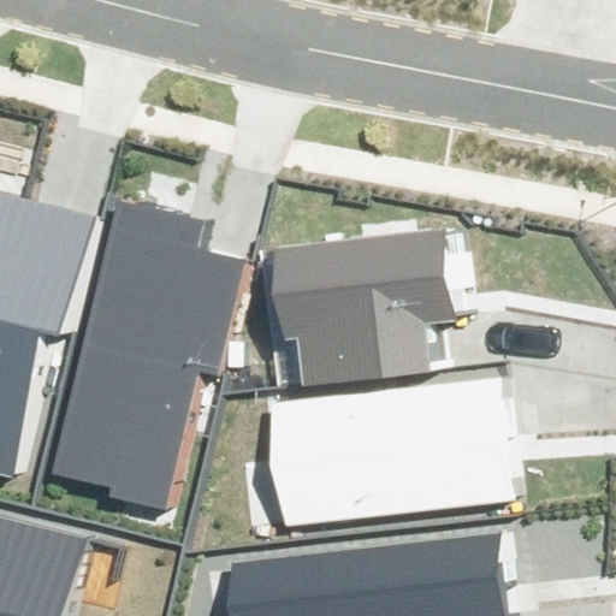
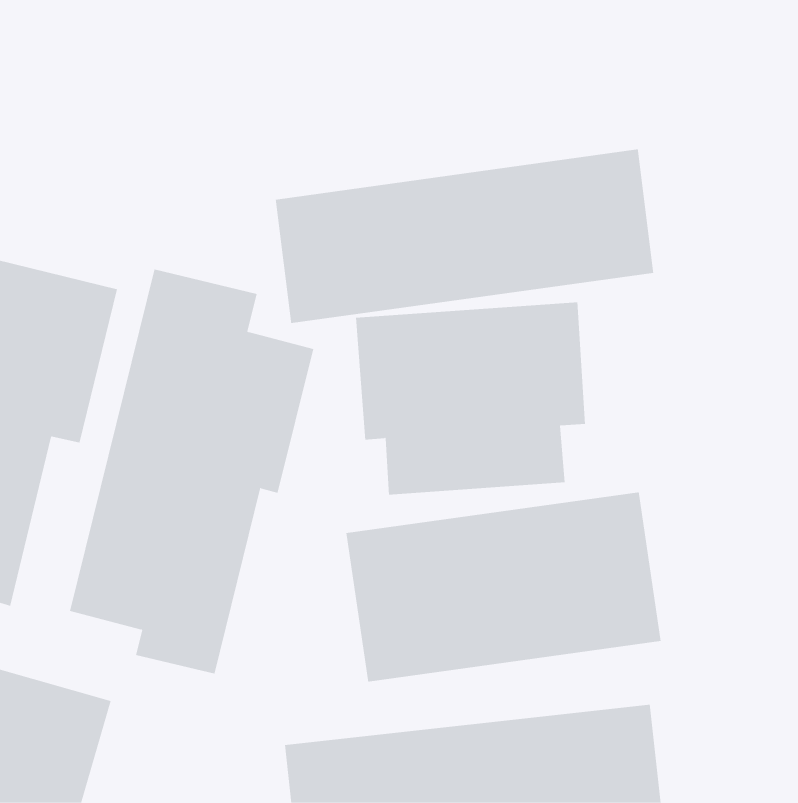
building: none -> [275,149,654,324]

